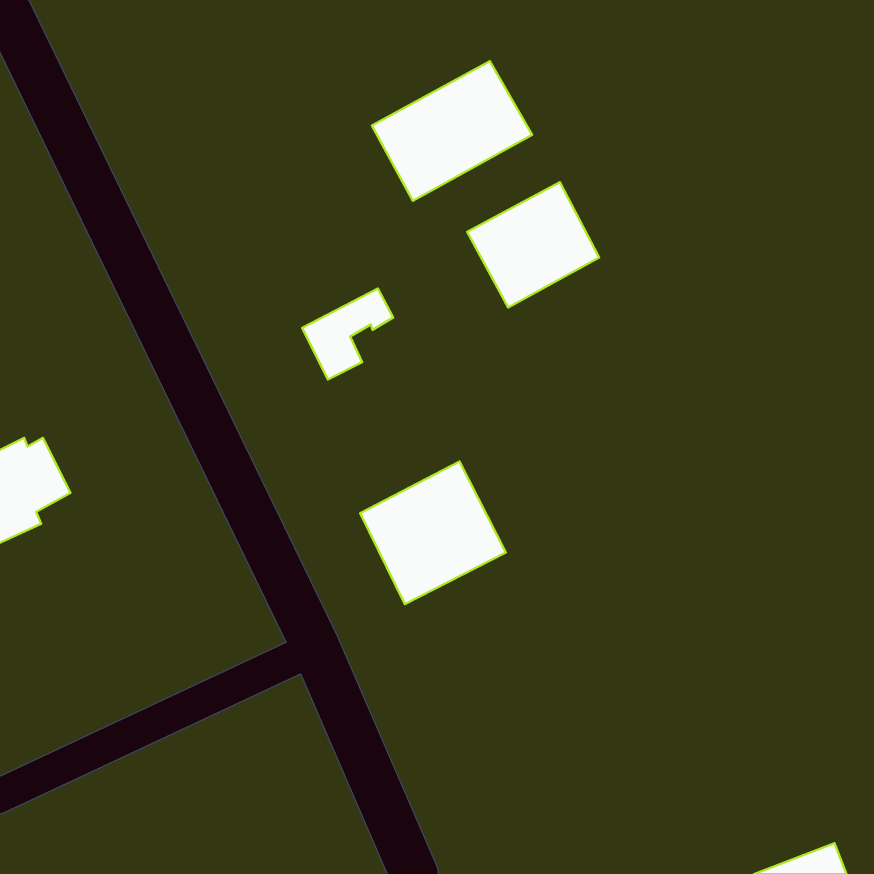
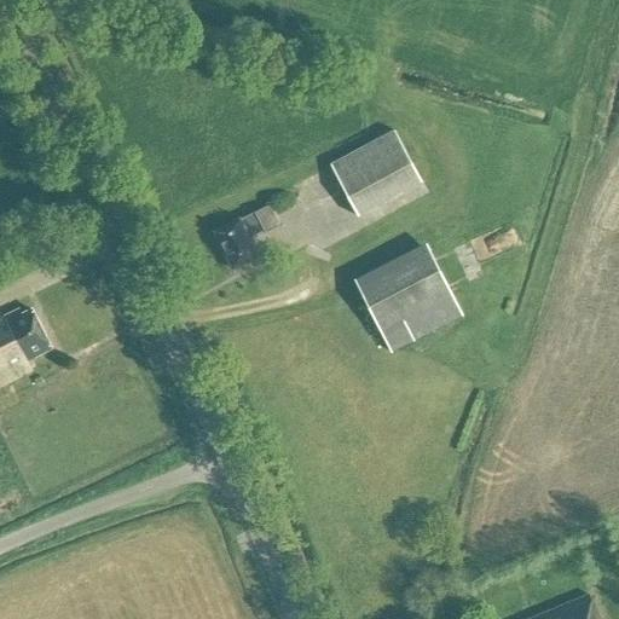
building: [372,61,532,201] -> none
building: [360,462,506,604] -> [358,250,461,351]

